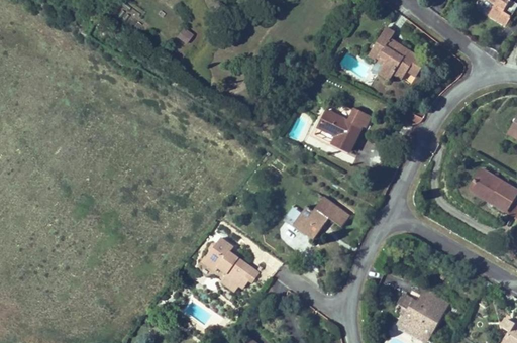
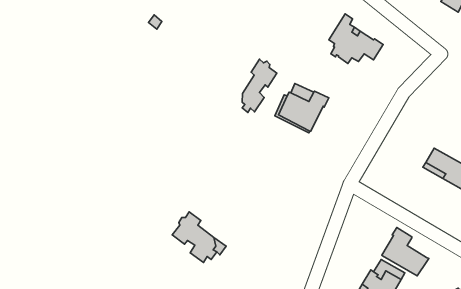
building: none -> [242,59,277,113]
building: [293,196,347,238] -> none
building: none -> [382,227,429,276]

